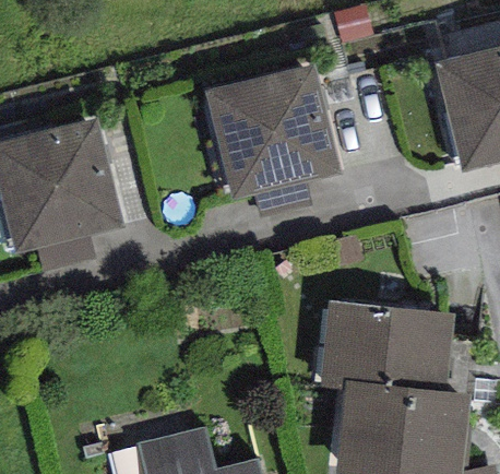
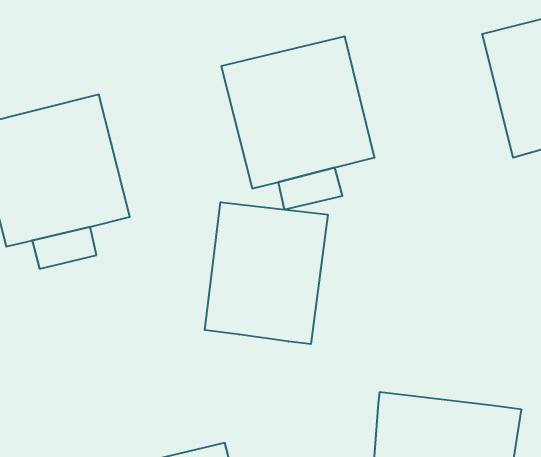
building: none -> [205,202,328,344]
building: [320,300,454,392] -> none

